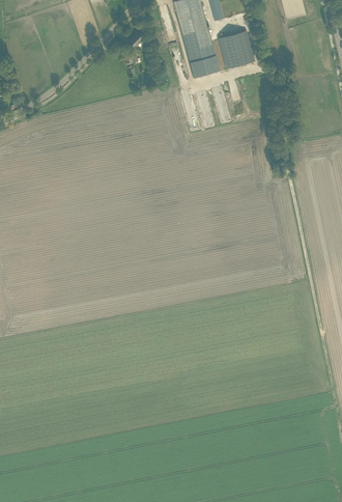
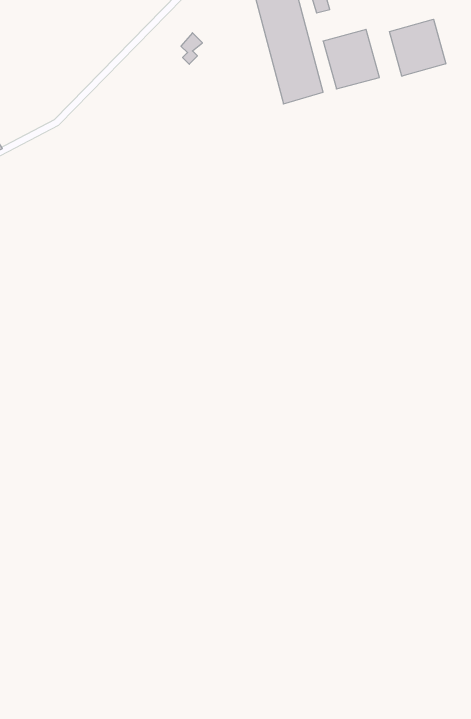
building: none -> [390,19,446,76]

